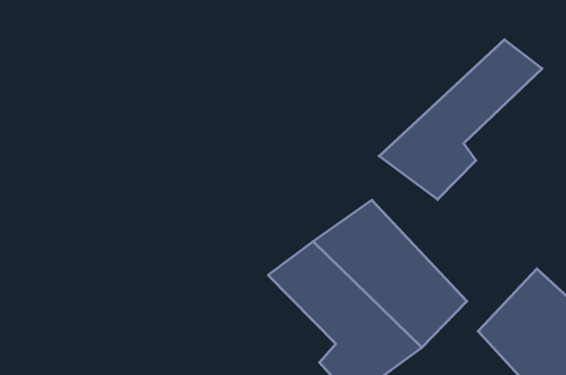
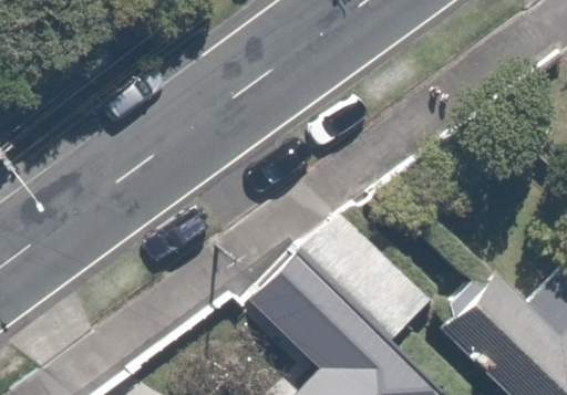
building: [379,40,542,200] -> none

